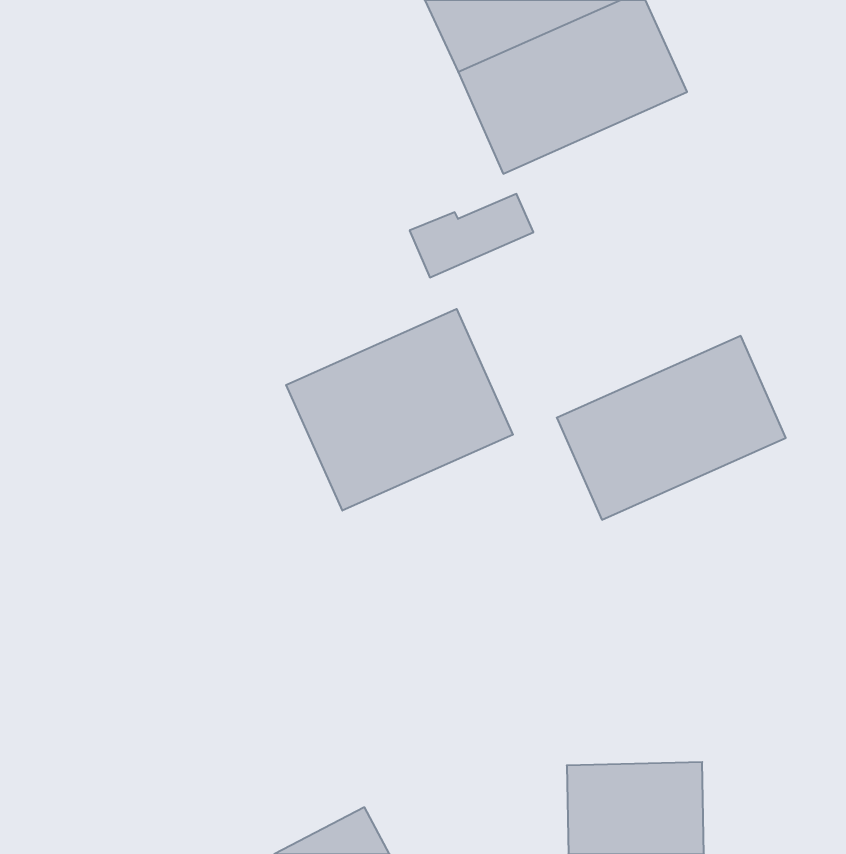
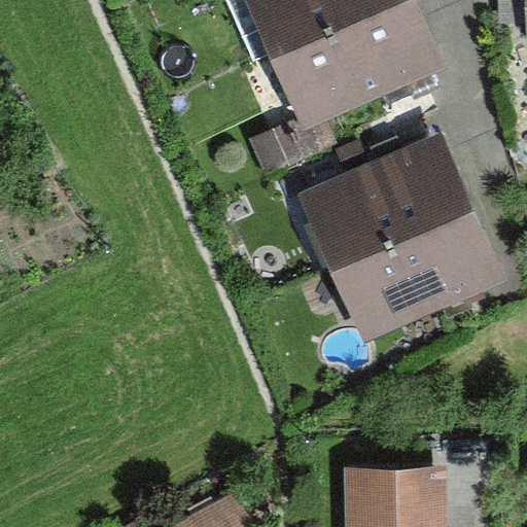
building: none -> [315,144,456,257]
building: [286,309,513,511] -> none

